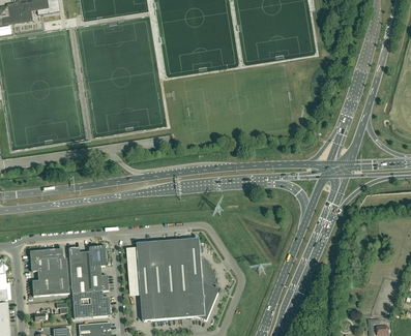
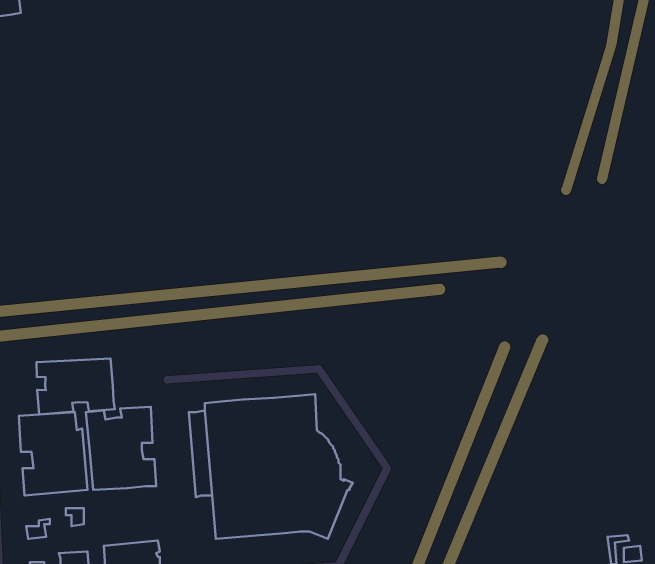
building: none -> [36,358,115,415]
building: [71,291,109,318] -> none

